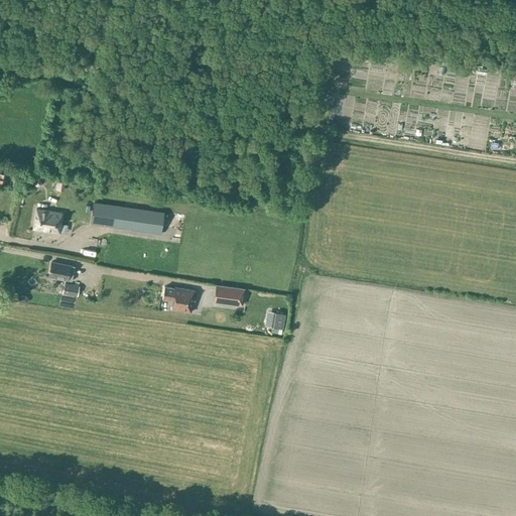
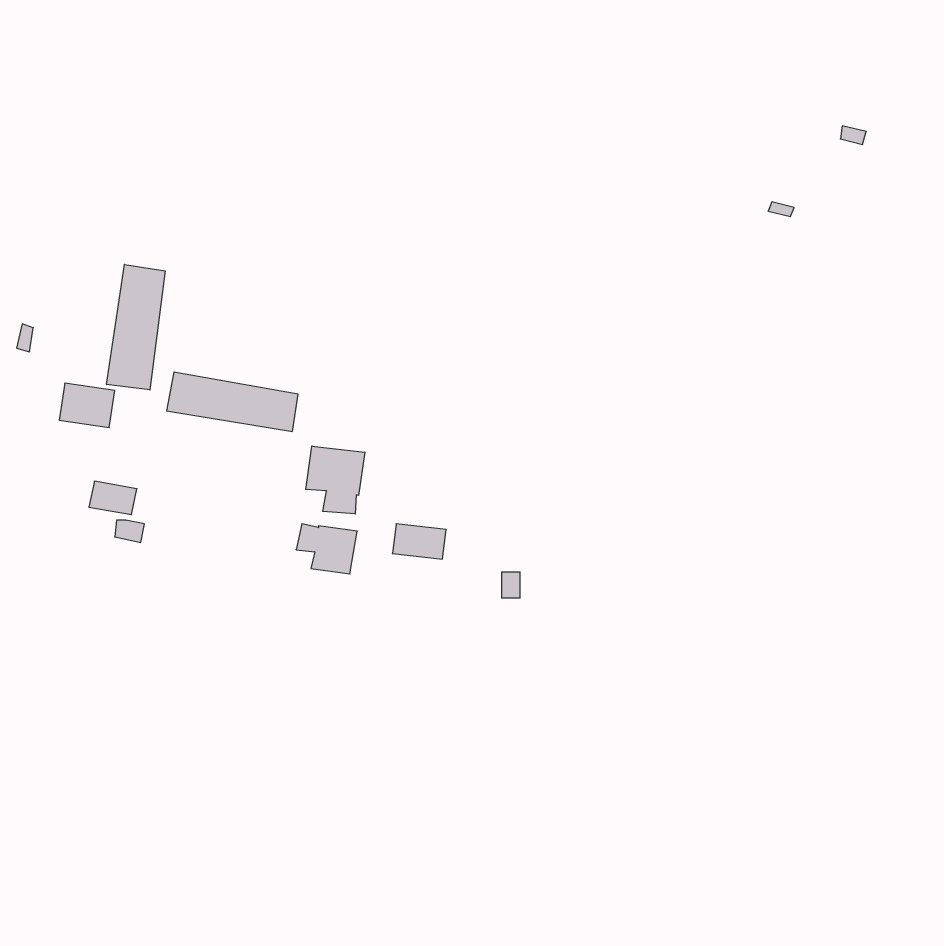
building: none -> [107,264,165,390]
building: none -> [306,446,365,514]

